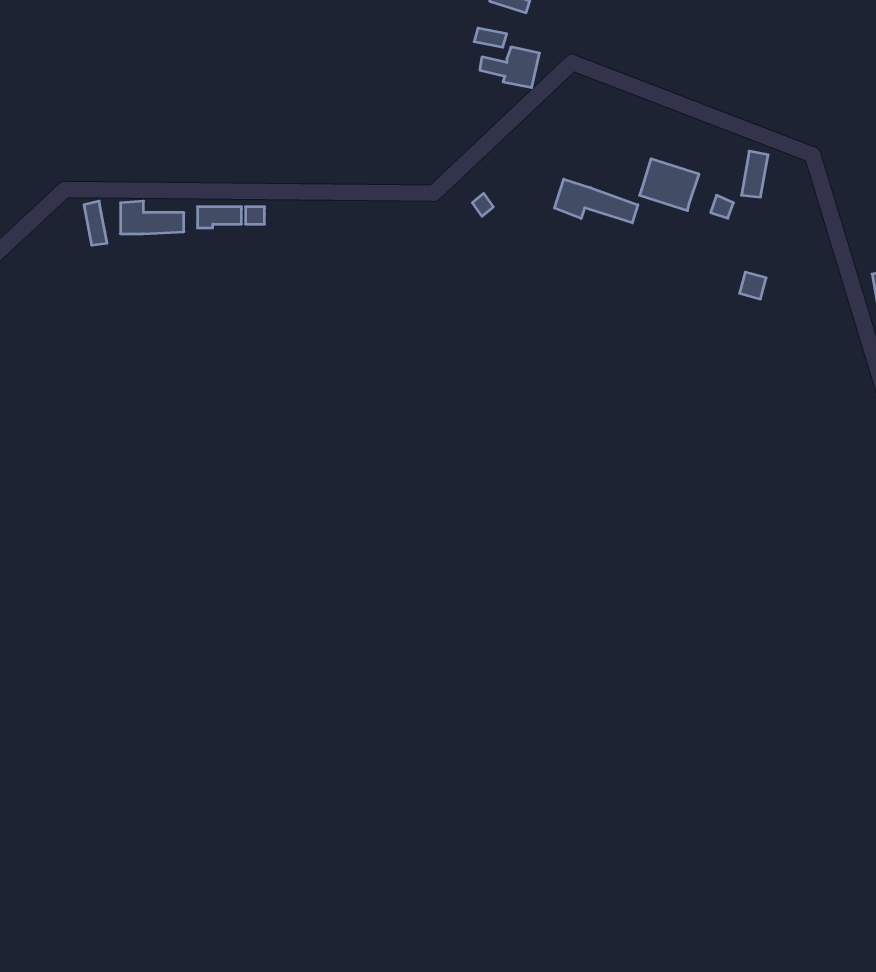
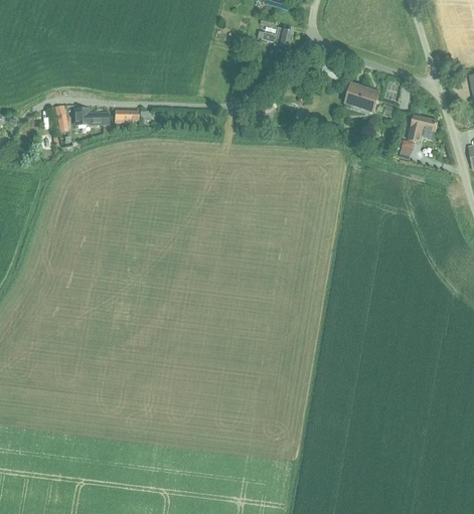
building: [554,179,638,223] -> none
building: none -> [408,115,438,143]

